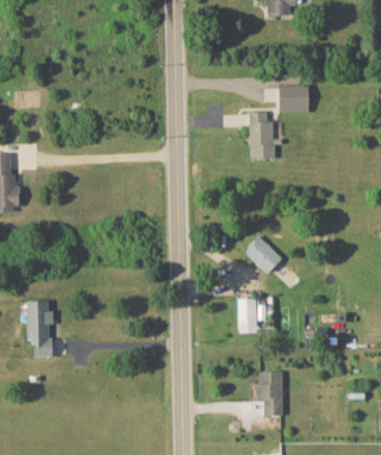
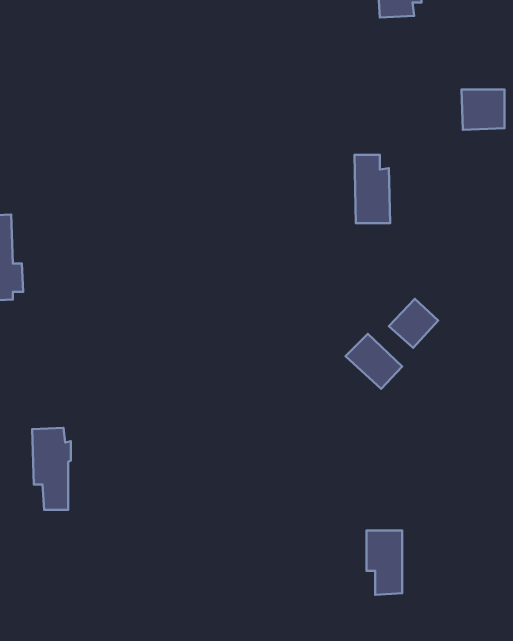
building: [278,85,308,113] -> [461,90,505,130]
building: none -> [389,299,438,348]
building: [237,298,256,332] -> none

